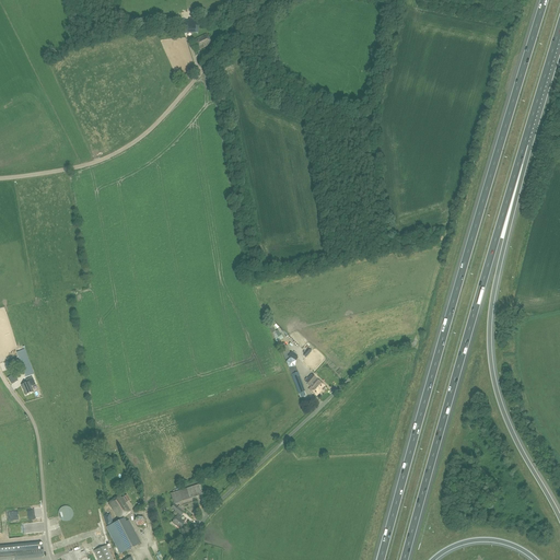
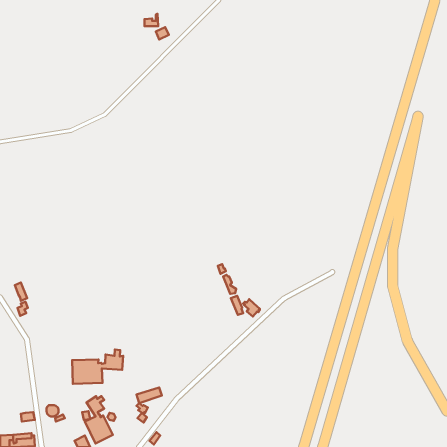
building: none -> [72,350,123,384]

